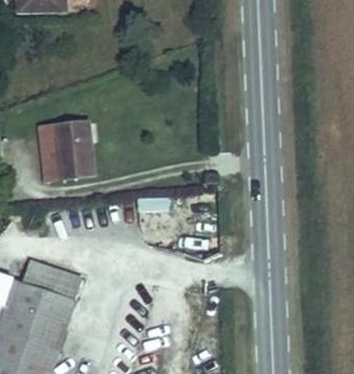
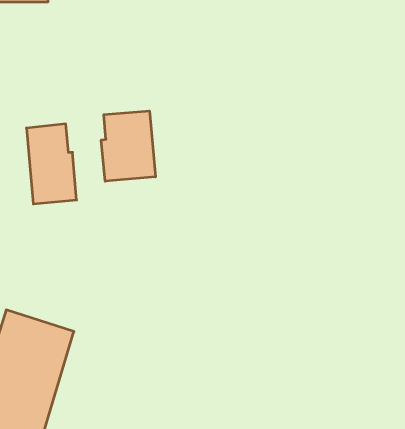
building: none -> [101,111,155,181]

